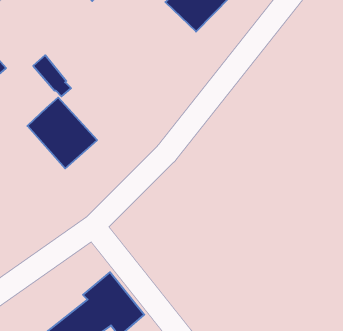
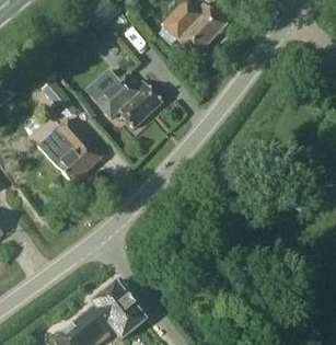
building: none -> [97,73,163,128]

